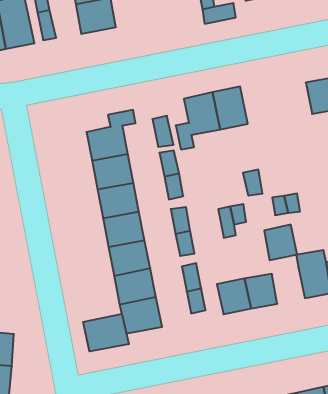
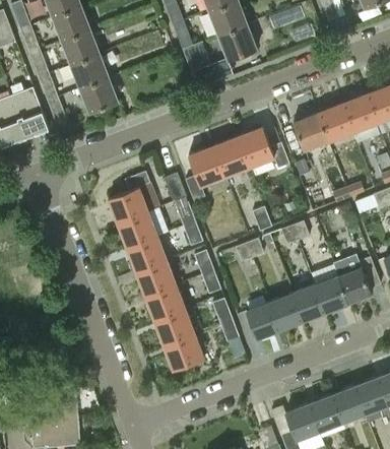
building: none -> [237,127,289,169]
building: [264,225,297,260] -> [292,286,325,321]
building: [83,314,129,351] -> none

